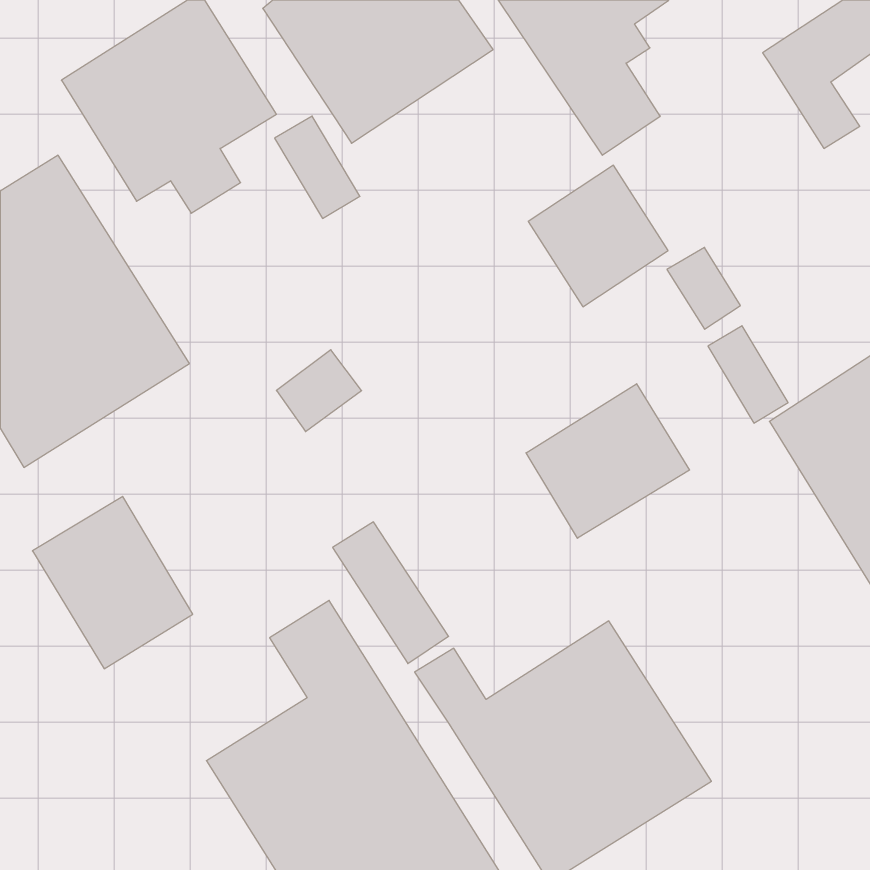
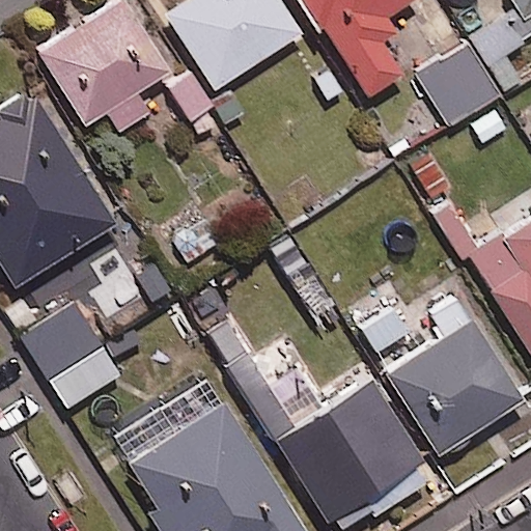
building: [528,165,668,307] -> [417,39,502,125]
building: [526,384,690,538] -> none
building: none -> [388,319,523,452]

